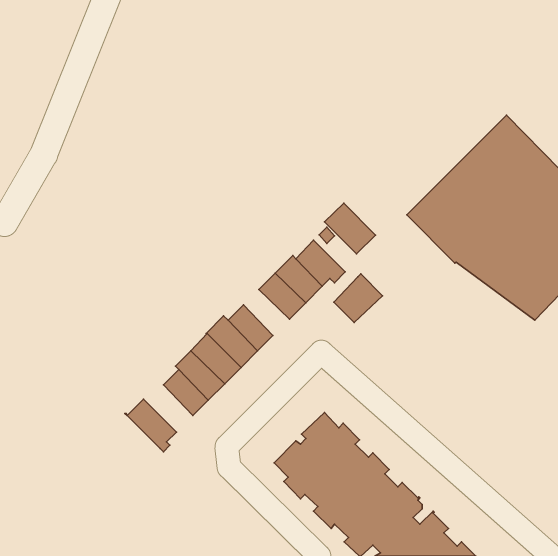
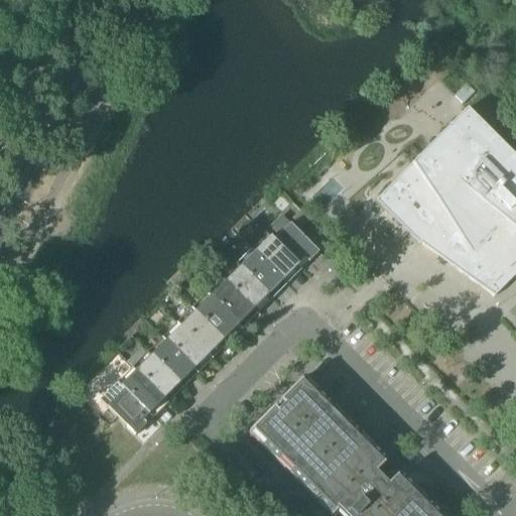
building: [324,203,376,254] -> none
building: [334,274,382,323] -> none
building: none -> [226,266,268,308]
building: none -> [128,345,180,398]
building: none -> [101,380,149,432]

